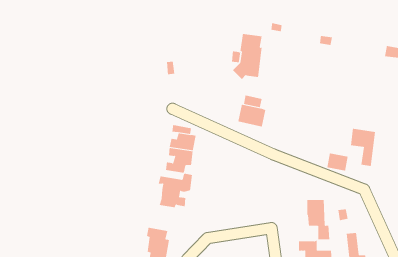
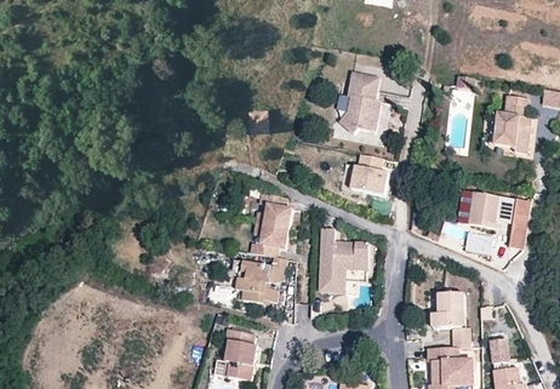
building: none -> [492,96,528,155]
building: none -> [469,195,498,229]
building: none -> [319,229,368,293]

